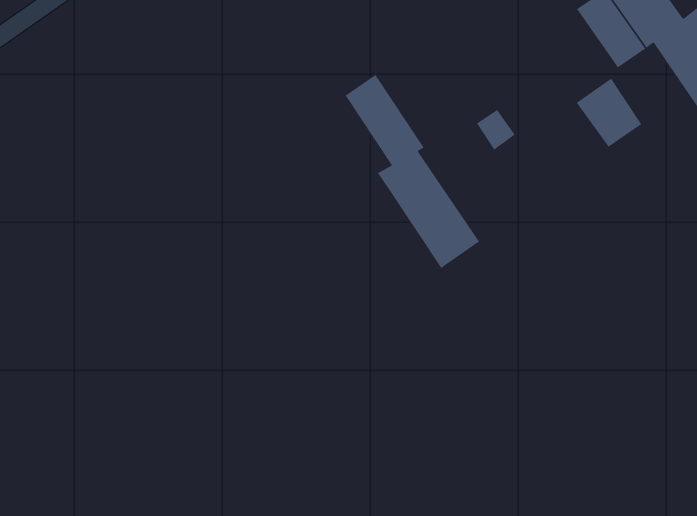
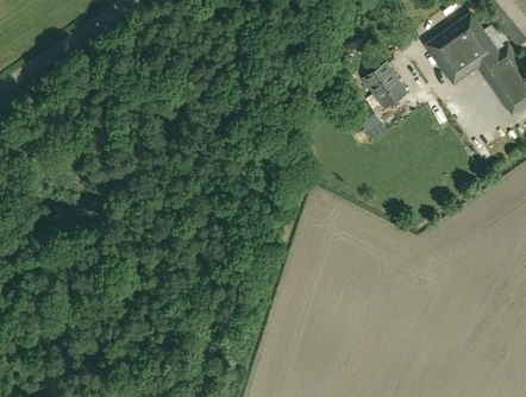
building: [345,74,480,269] -> none
building: [576,78,642,148] -> [363,62,407,108]

